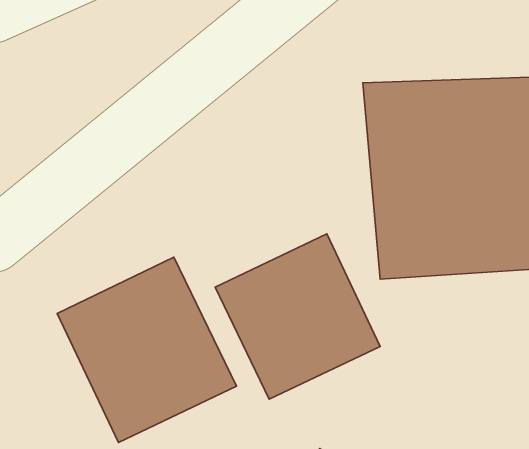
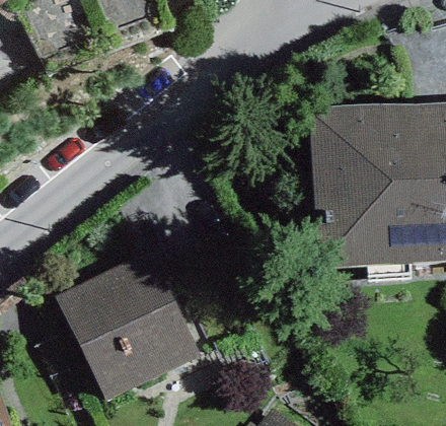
building: [215,234,380,399] -> none

